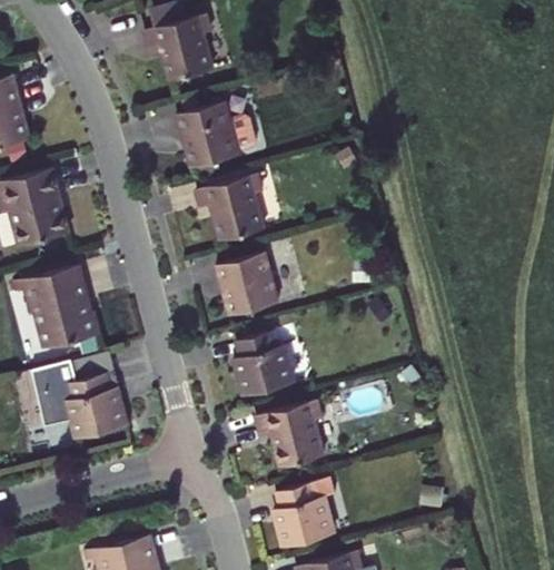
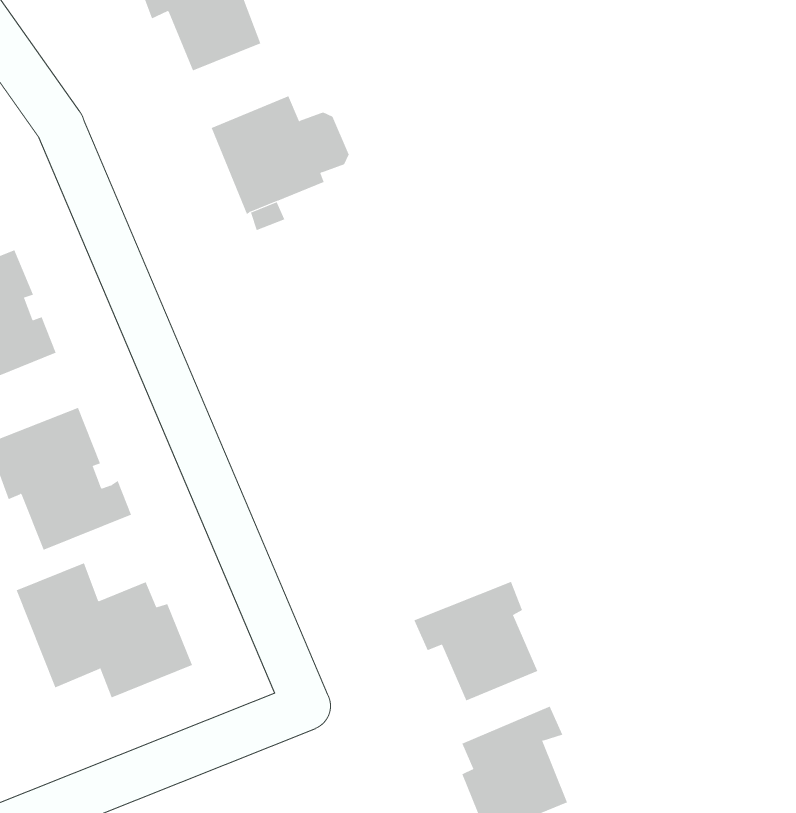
building: [197,175,265,243] -> none
building: [217,255,278,317] -> none
building: [234,332,294,399] -> none
building: [70,348,116,390] -> none

